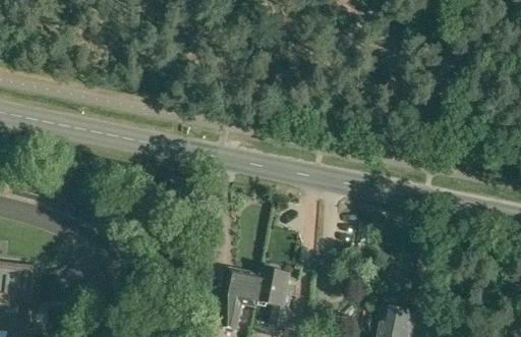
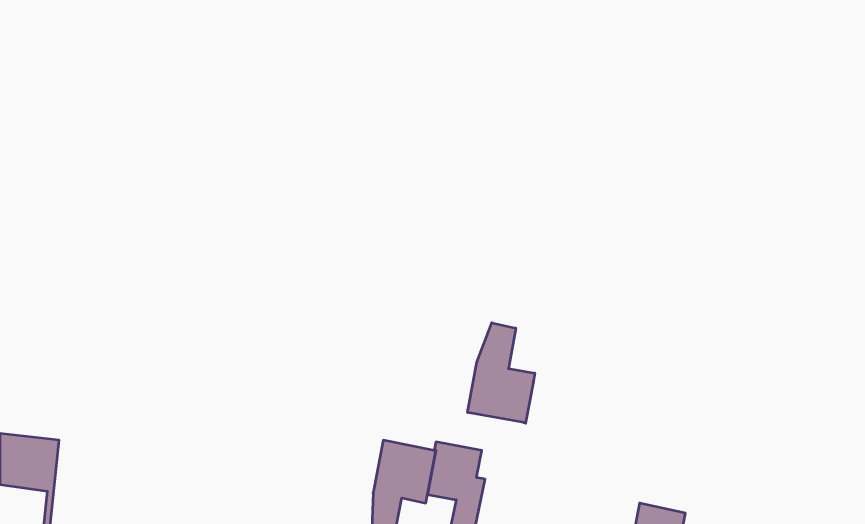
building: none -> [468,323,535,423]

